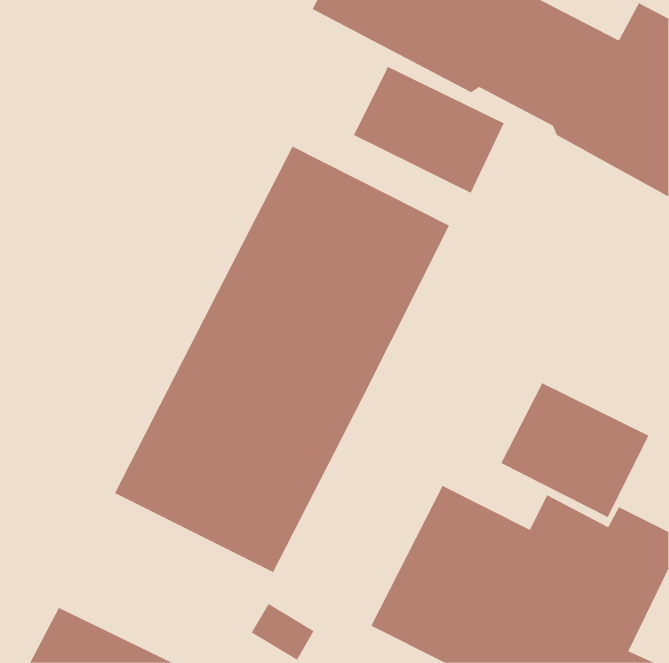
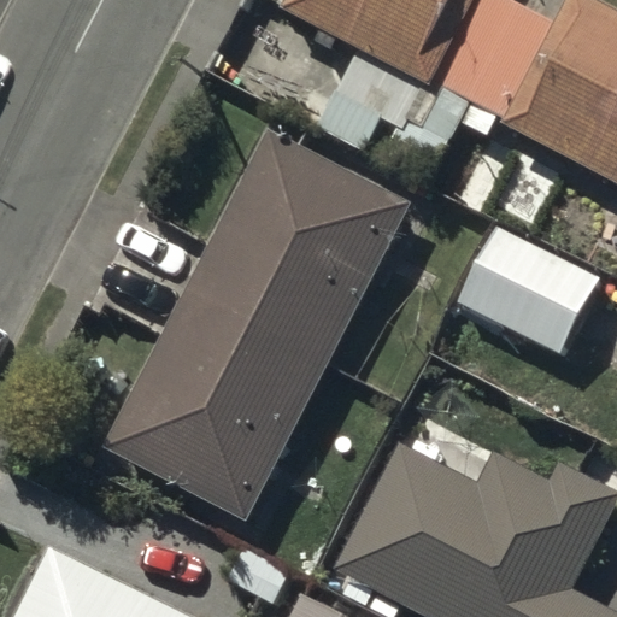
building: [501,382,649,518] -> [460,228,595,351]

